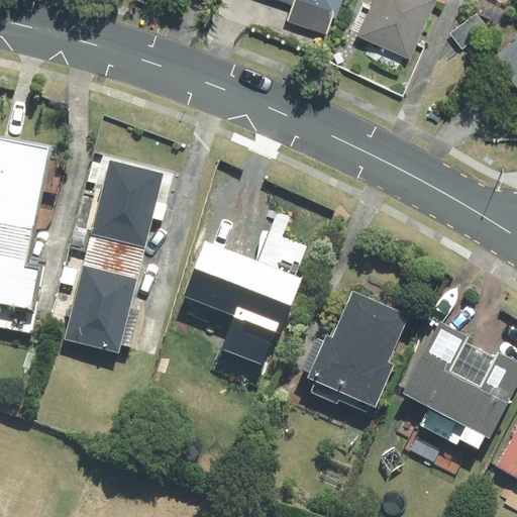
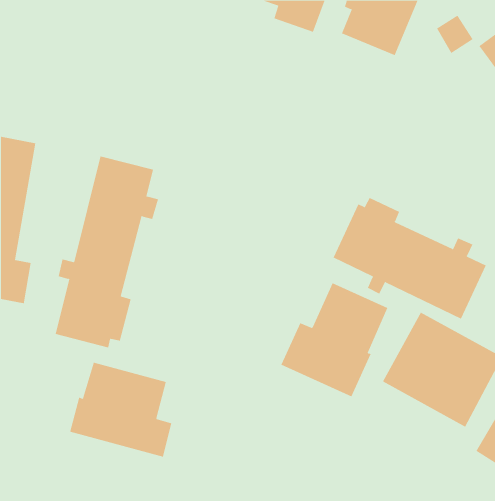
building: none -> [333,197,487,320]
building: [180,240,301,372] -> none
building: none -> [70,362,172,457]

